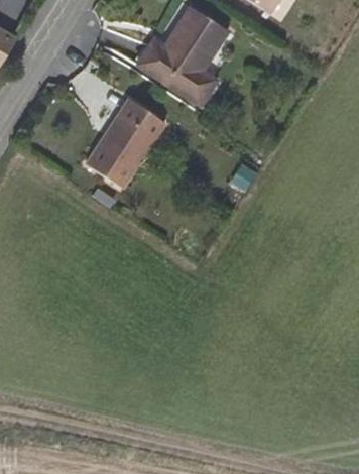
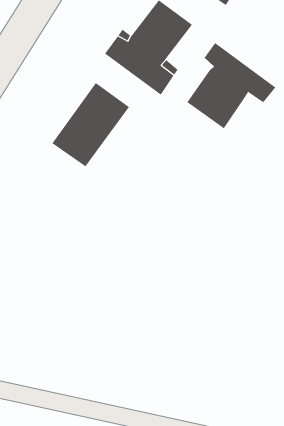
building: none -> [187,42,276,129]

